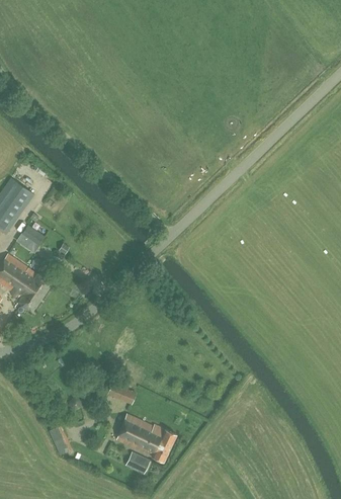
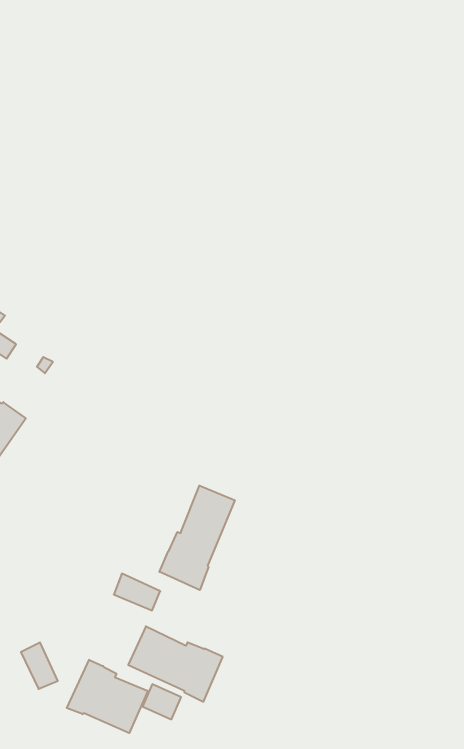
building: none -> [159,486,235,590]
building: none -> [67,660,148,733]

